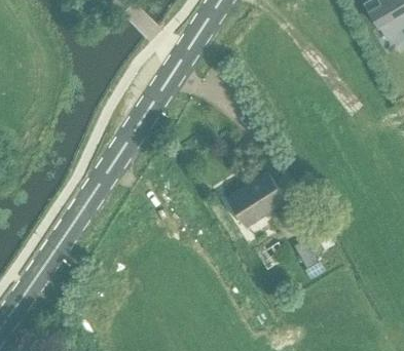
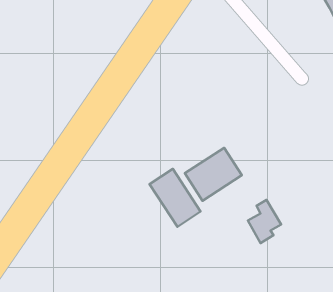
building: none -> [150,169,201,227]

